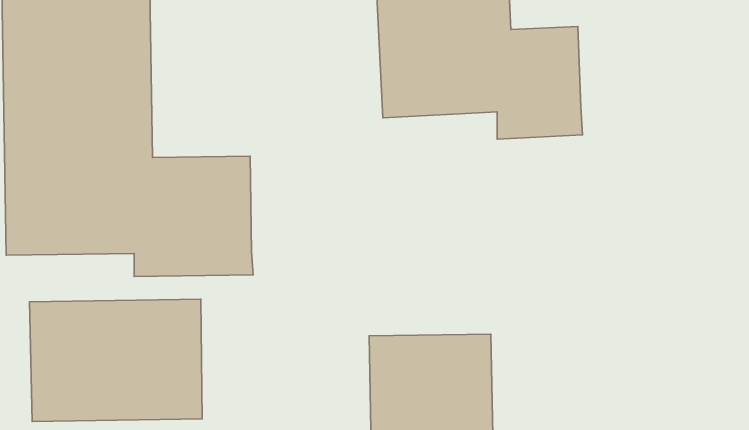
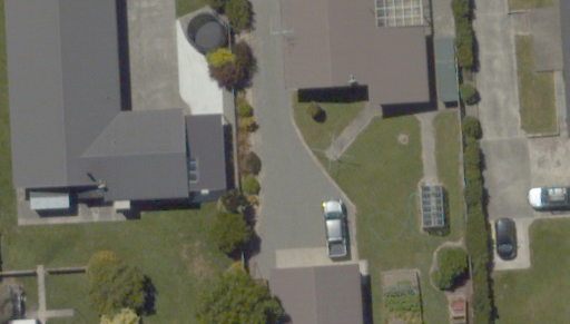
building: [29,299,202,422] -> none

